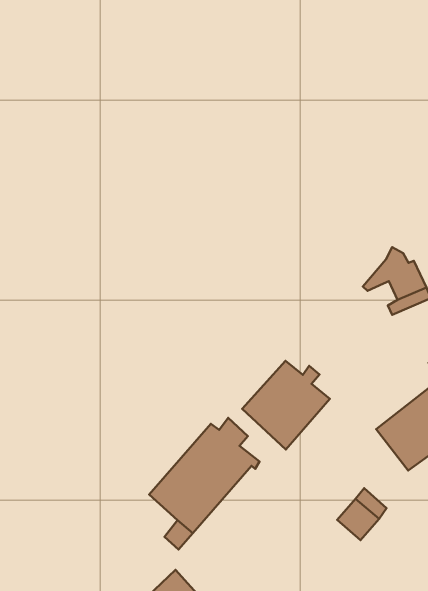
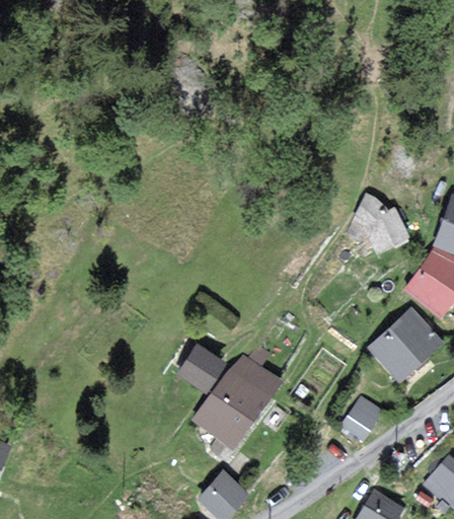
building: [242,361,330,450] -> none
building: none -> [176,346,219,388]

